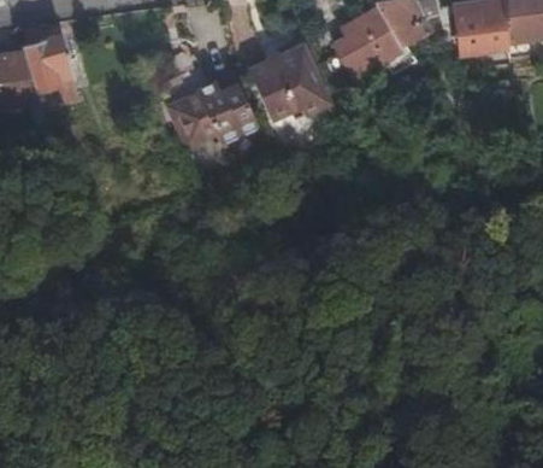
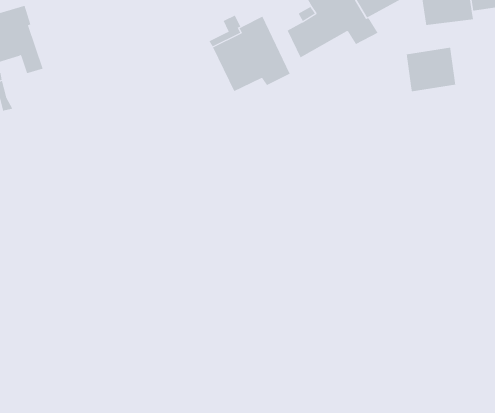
building: [165,68,254,147] -> none
building: none -> [406,47,456,92]

